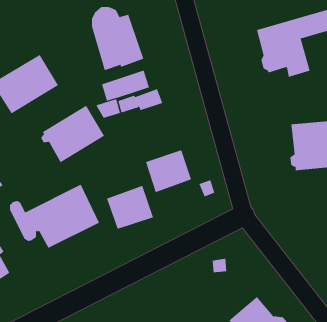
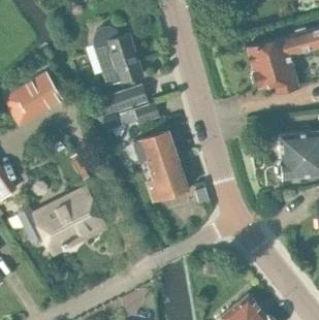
building: [41,105,105,163] -> none
building: [106,185,154,230] -> [134,129,179,170]

